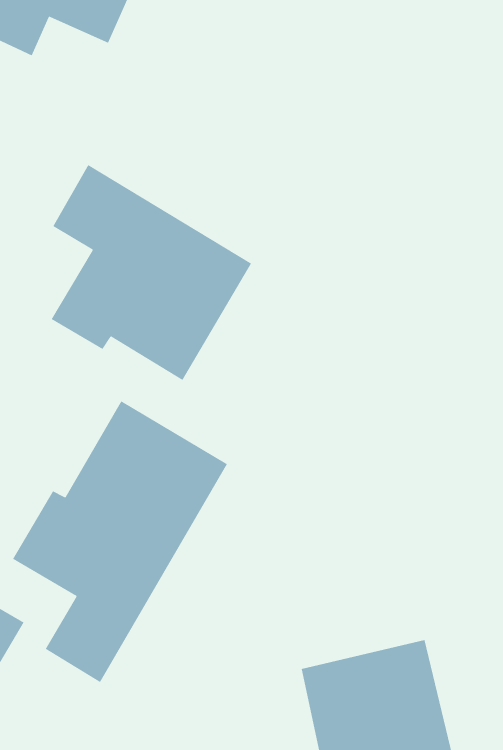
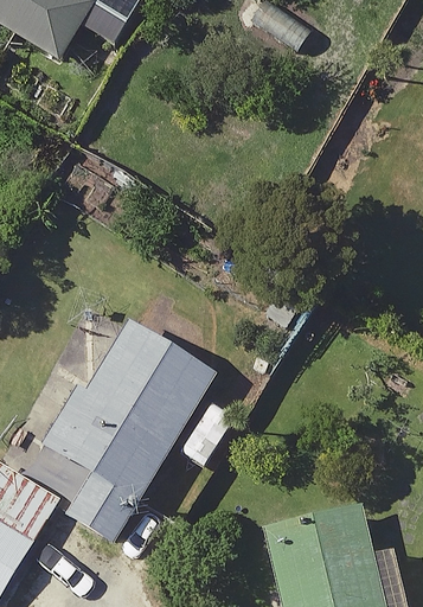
building: [51,164,252,381] -> none

